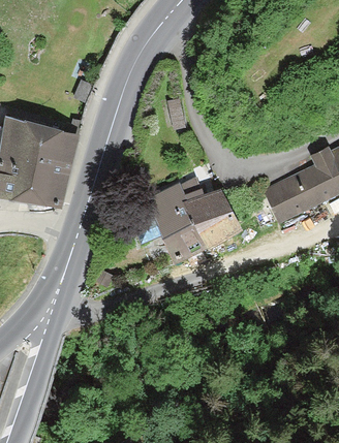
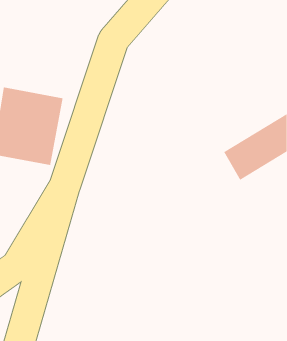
building: [138,170,241,270] -> none

